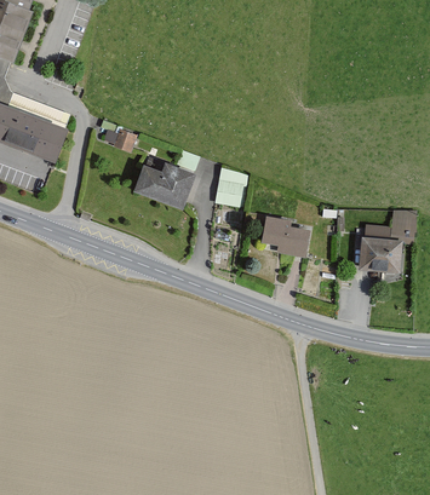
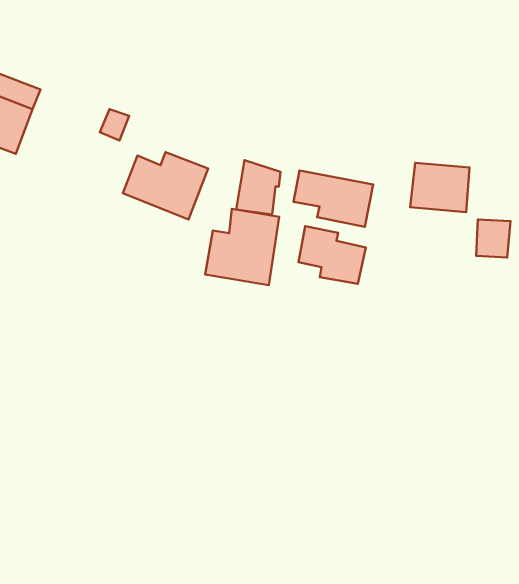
building: none -> [293,170,373,227]
building: none -> [205,209,279,285]
building: [359,237,402,274] -> [410,163,469,212]

